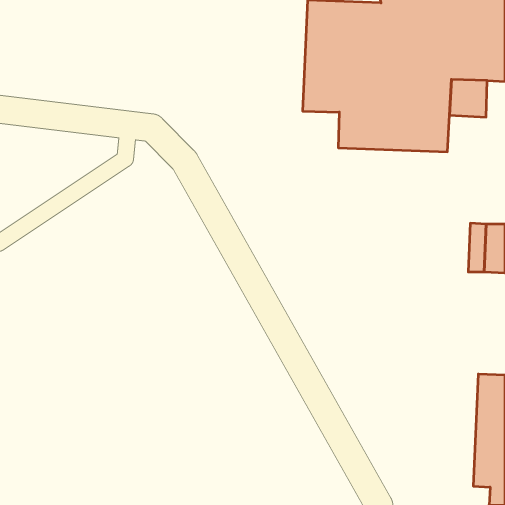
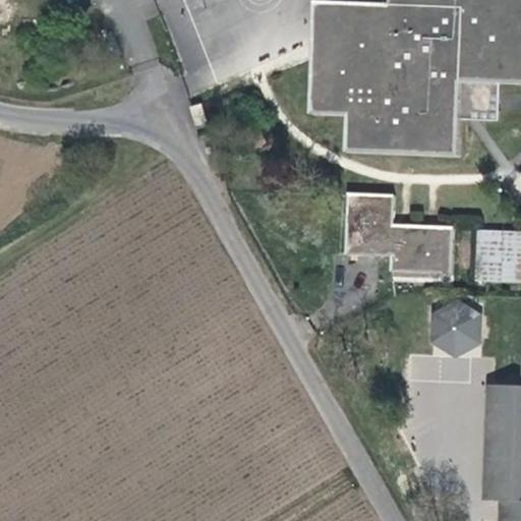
building: none -> [345,191,454,273]
building: none -> [432,300,480,354]

